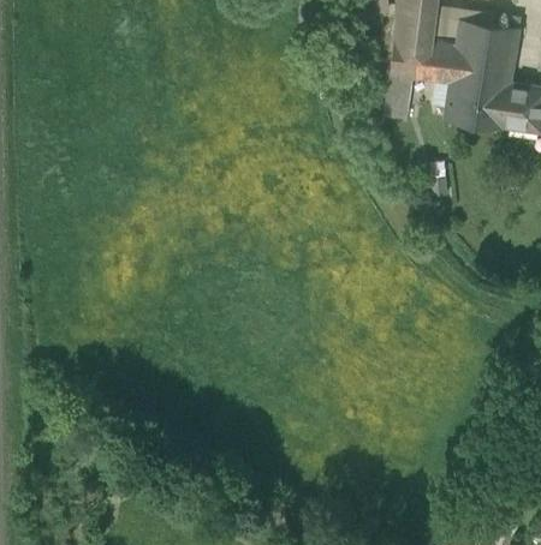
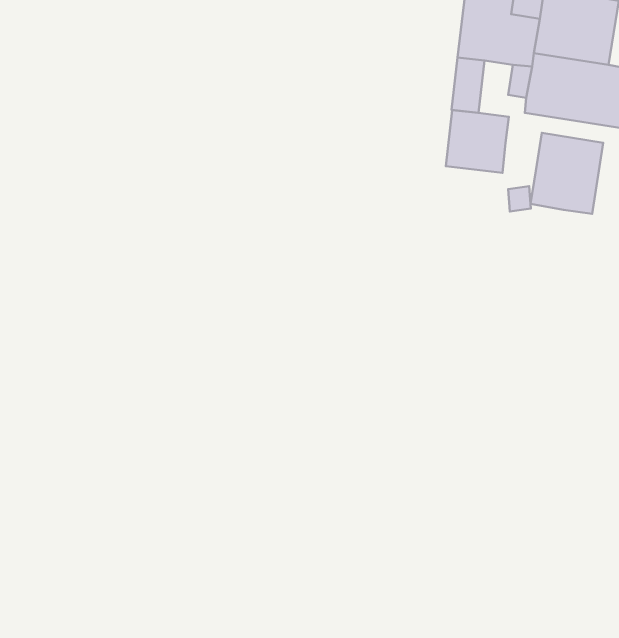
building: none -> [446,110,509,173]
building: none -> [530,133,603,214]

